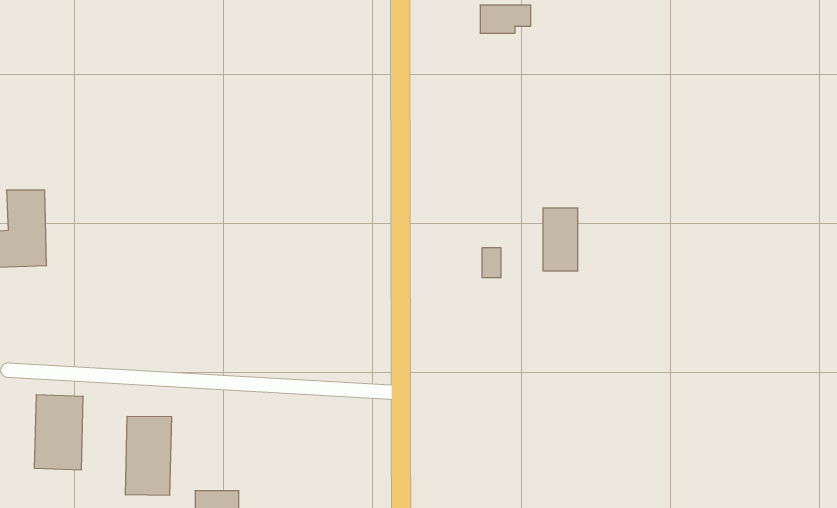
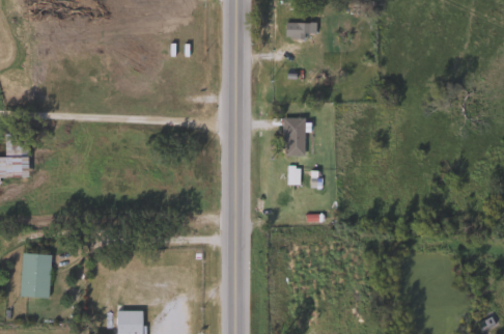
building: [543,208,578,271] -> [284,117,305,155]
building: [125,416,172,495] -> none

